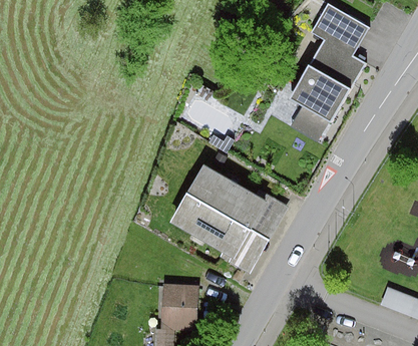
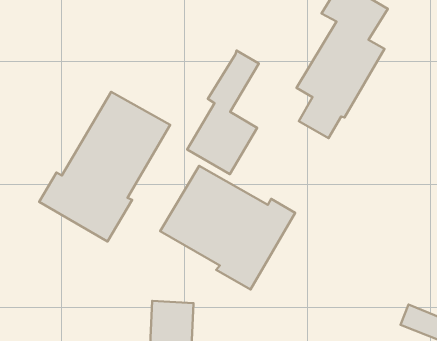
building: none -> [187,51,259,174]
building: none -> [39,92,170,242]

